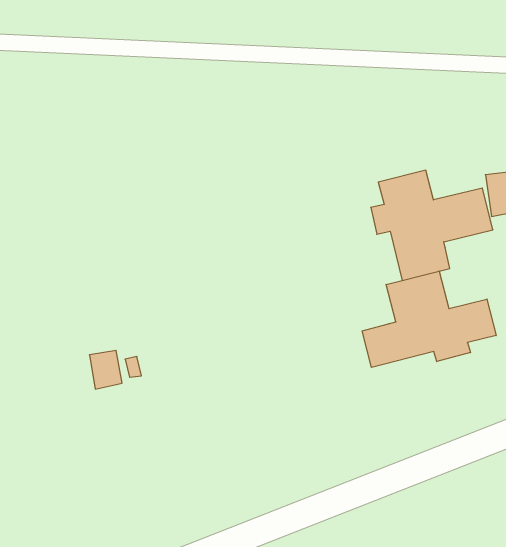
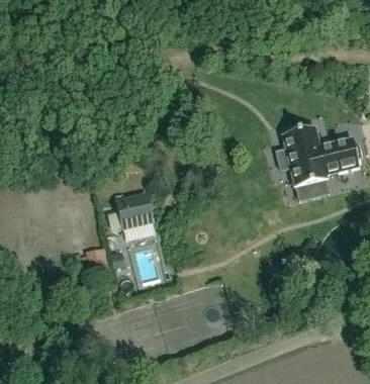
building: none -> [113,189,153,228]
building: [362,271,496,367] -> none

